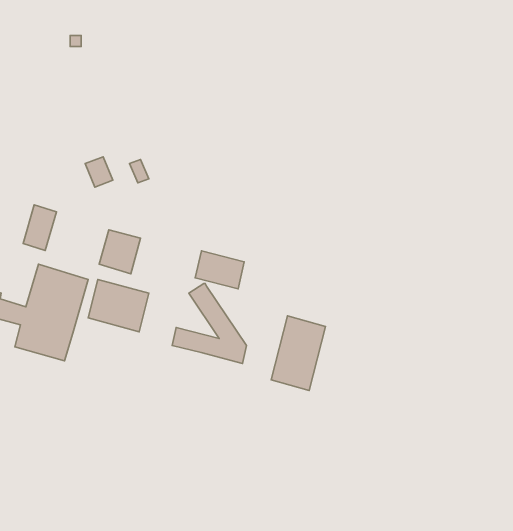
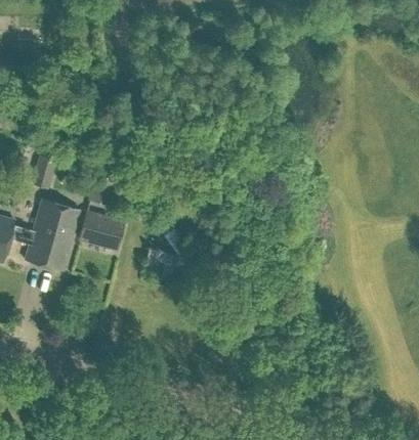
building: [195,251,244,289] -> none
building: [271,316,325,391] -> none

